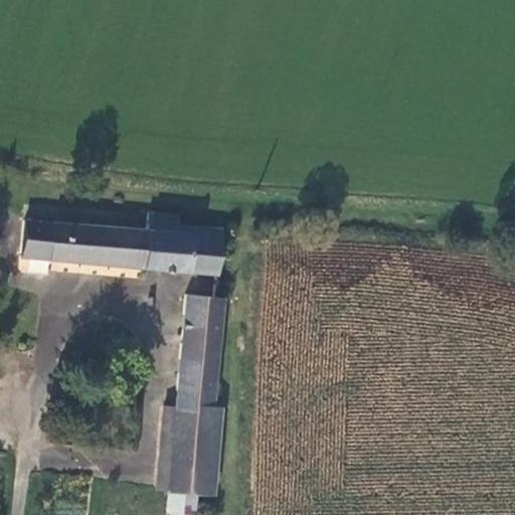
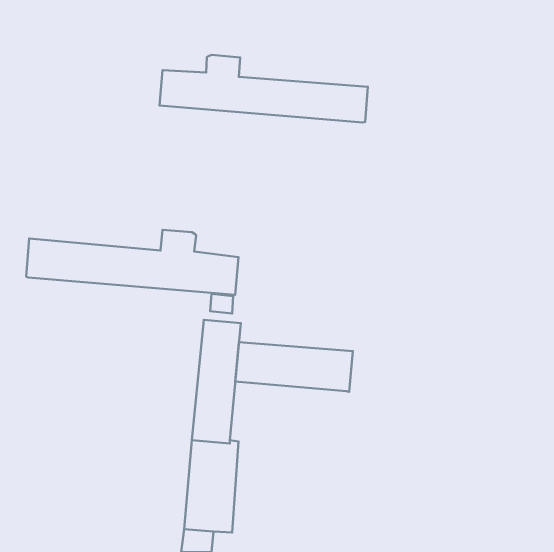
building: none -> [159,55,368,123]
building: none -> [235,342,353,392]

